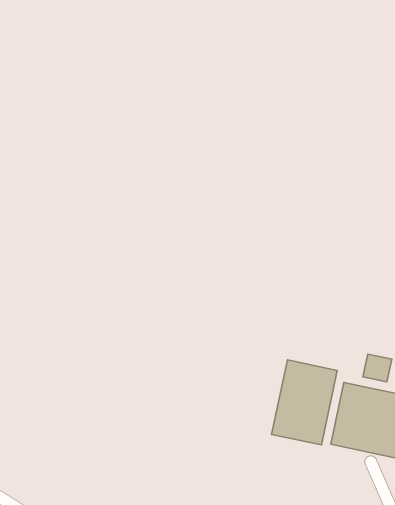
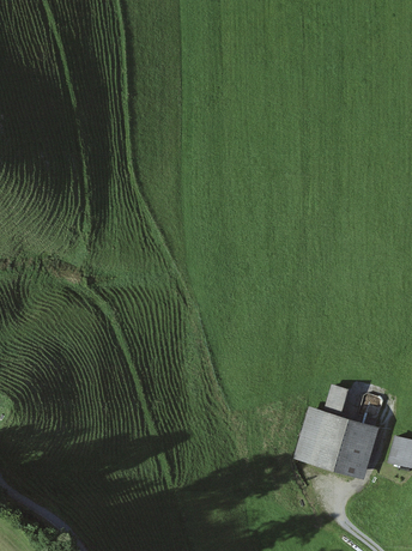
building: [272,360,337,445] -> none

